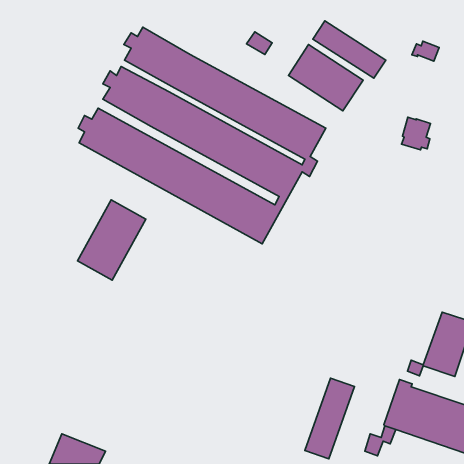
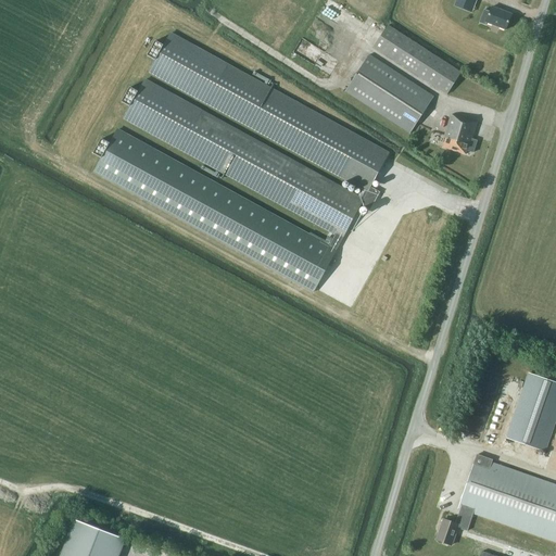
building: [412,41,439,61] -> [480,5,513,29]
building: [402,117,431,150] -> [443,114,478,153]
building: [78,200,146,280] -> none
building: [305,378,355,459] -> none

